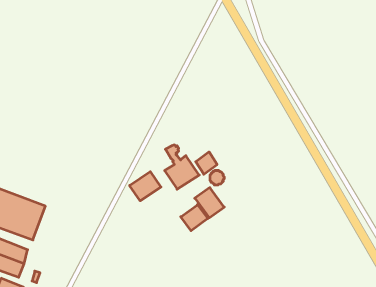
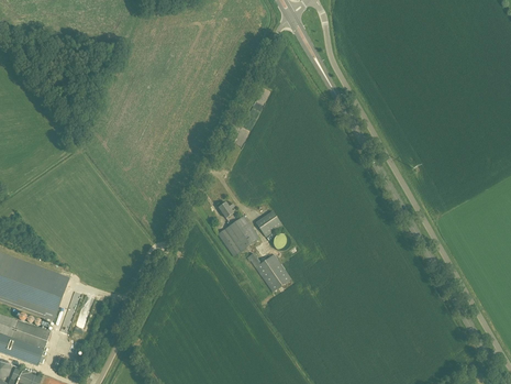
building: [130,172,161,201] -> none
building: [181,205,208,231] -> none

